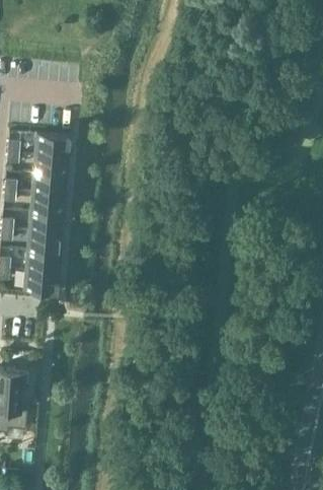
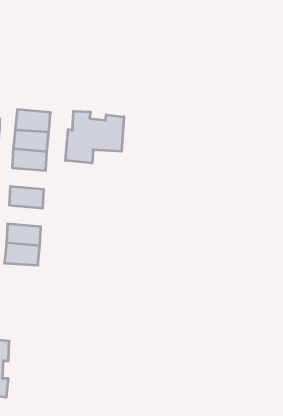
building: none -> [65,111,124,163]
building: [28,194,65,216] -> none
building: [25,232,62,255] -> none

